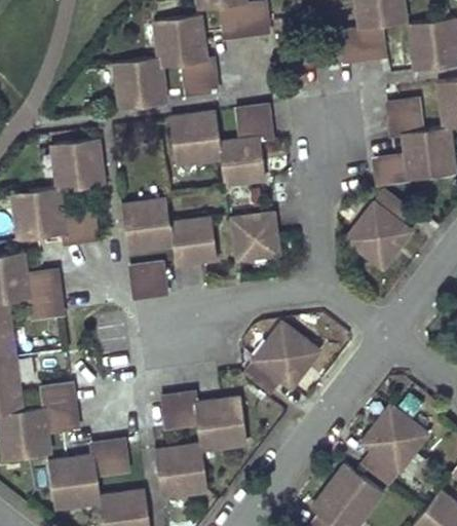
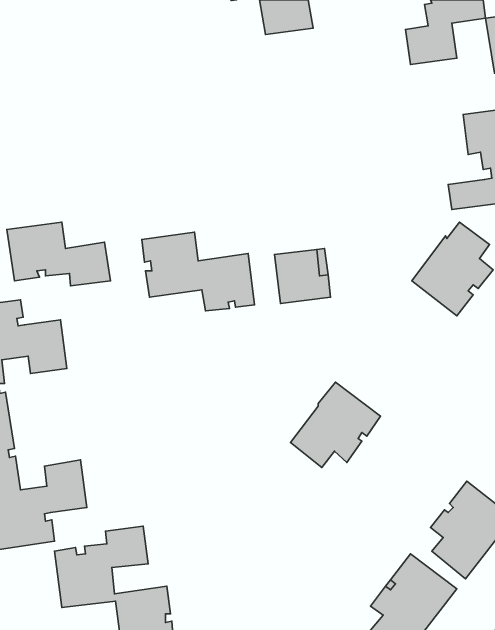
building: [114,15,217,108] -> none
building: [170,105,270,184] -> none
building: [51,140,105,190] -> none
building: [131,263,166,297] -> none
building: [158,391,245,495] -> none

